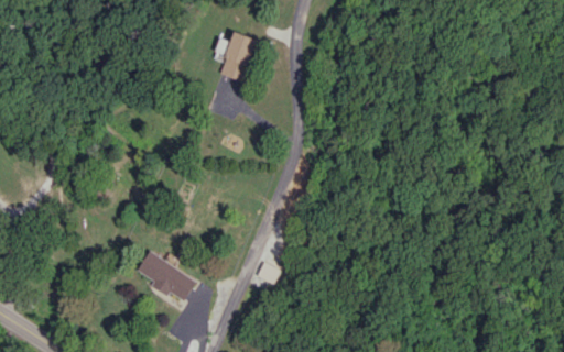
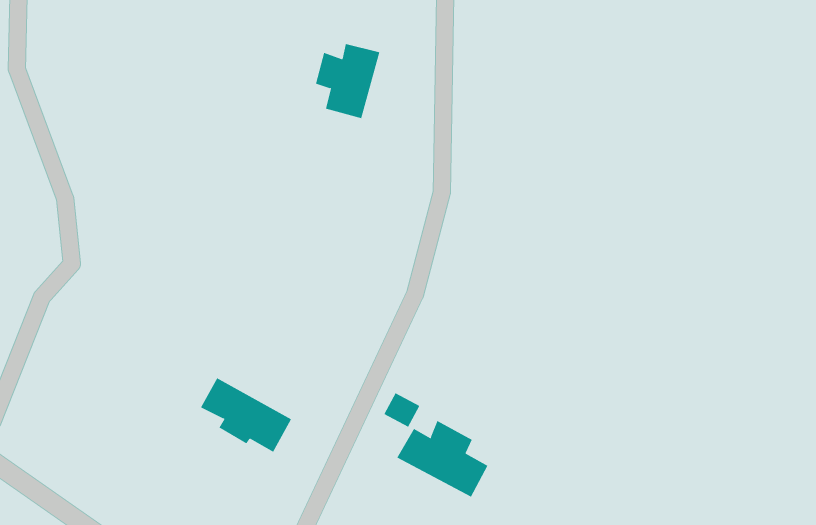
building: none -> [397,420,488,497]

